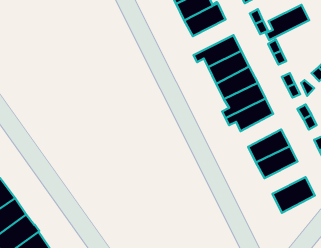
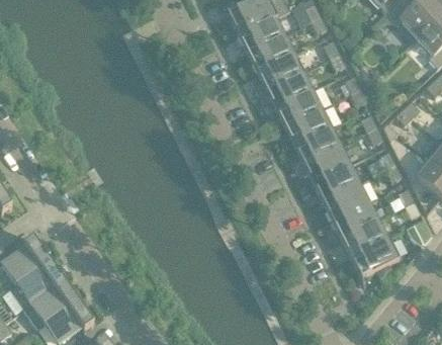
building: [266,5,309,40] -> [253,53,303,94]
building: none -> [312,163,359,201]
building: none -> [340,219,387,256]

